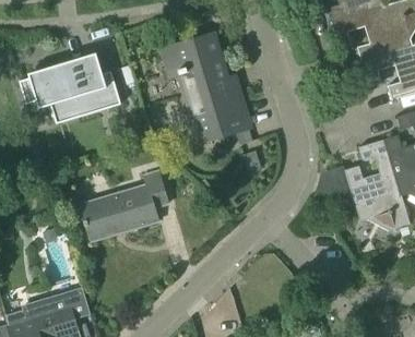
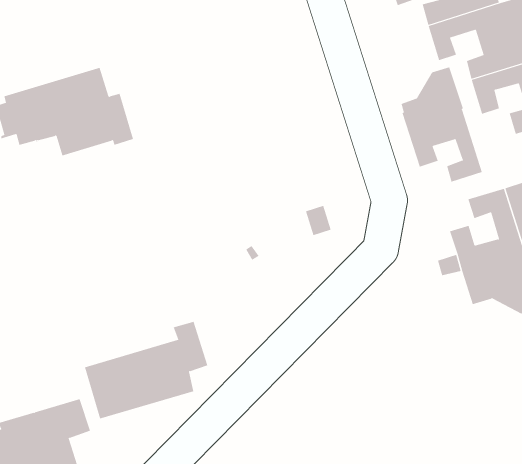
building: [162,36,249,135] -> none
building: none -> [401,66,482,183]
building: [80,172,168,242] -> [84,321,208,419]

